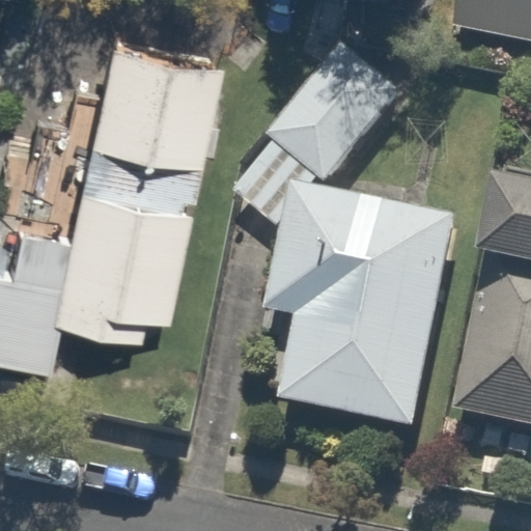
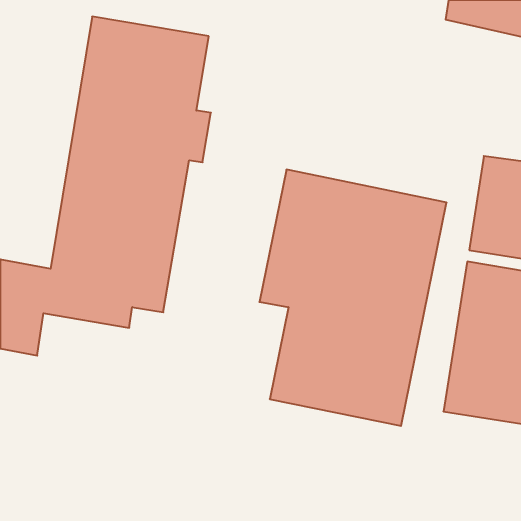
building: [269,37,393,178] -> none

